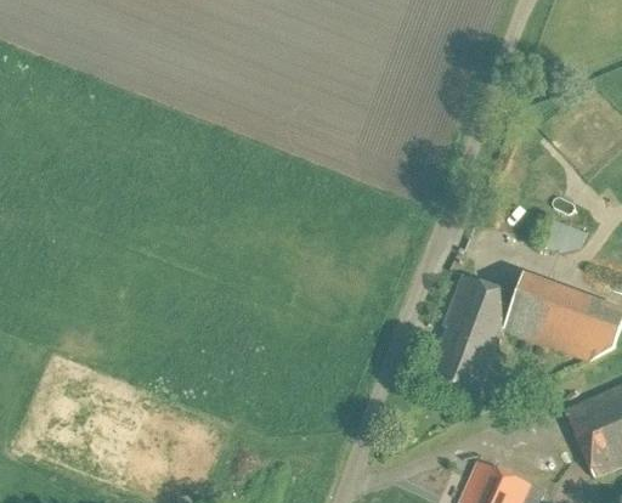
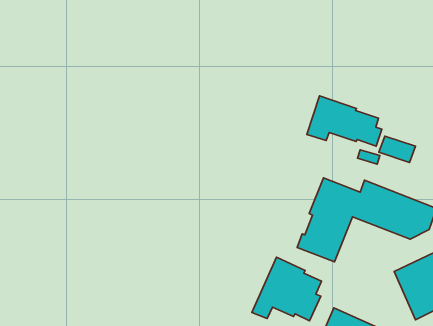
building: none -> [307,96,382,146]
building: none -> [252,257,321,321]

